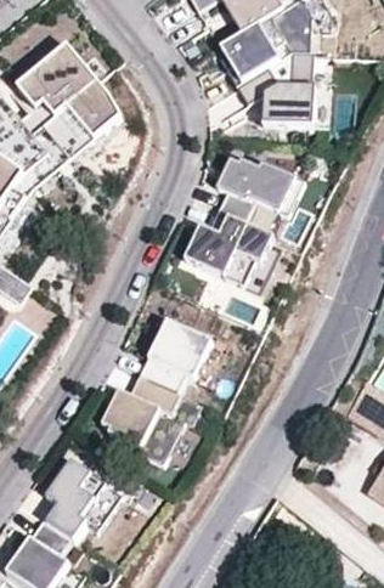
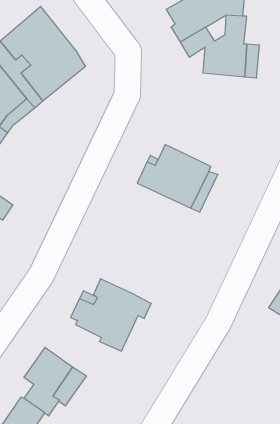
building: [215,157,297,224] -> none
building: [139,318,211,392] -> none

